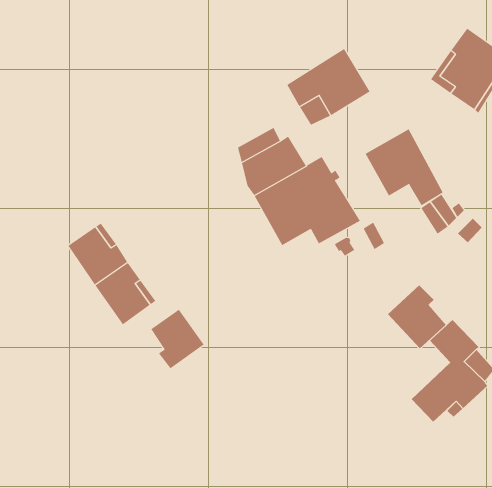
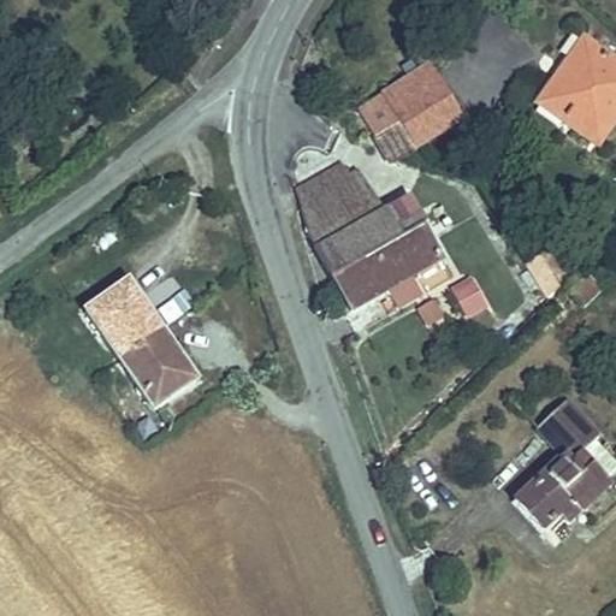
building: [365,129,443,206] -> none
building: [387,285,446,349] -> none
building: [151,309,205,369] -> none

